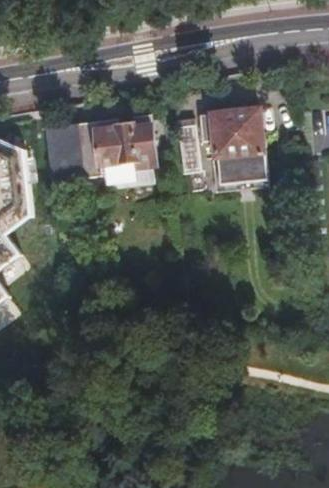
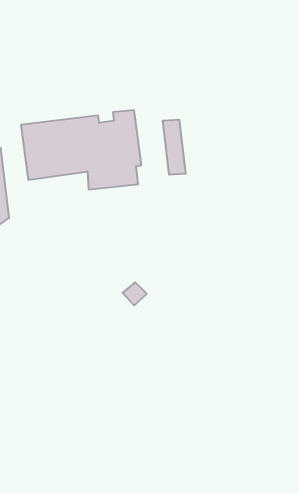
building: [201,97,268,191] -> none

